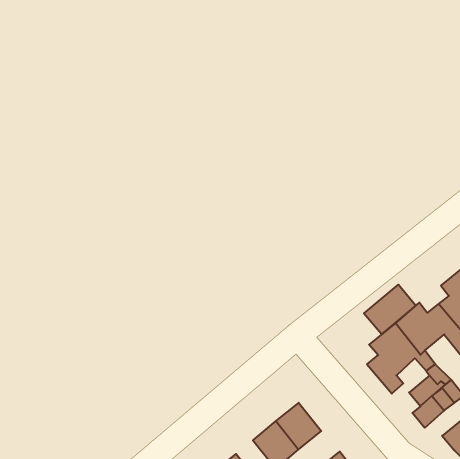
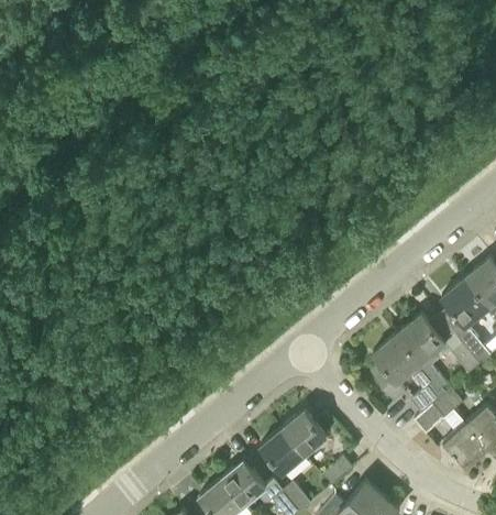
building: [364,285,416,334] -> none

